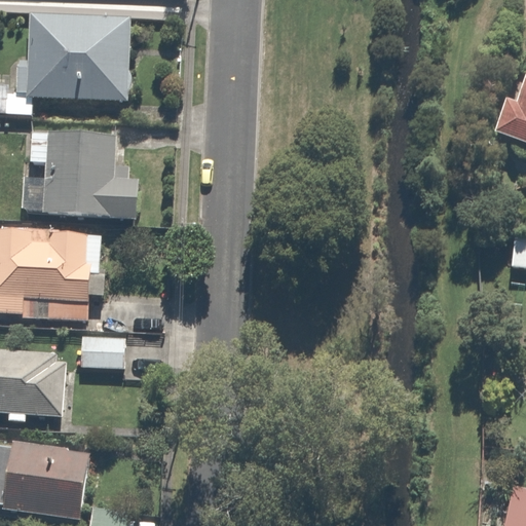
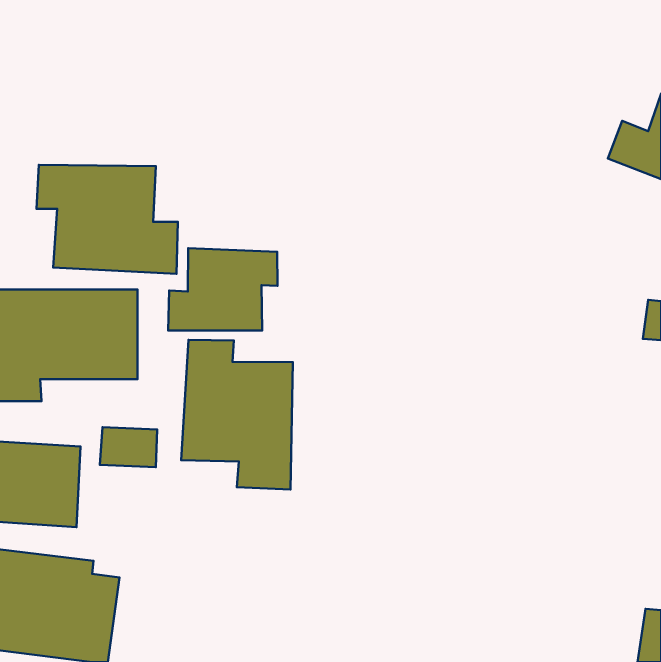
building: [22,12,134,101] -> none
building: none -> [168,248,277,331]
building: none -> [181,340,293,489]

